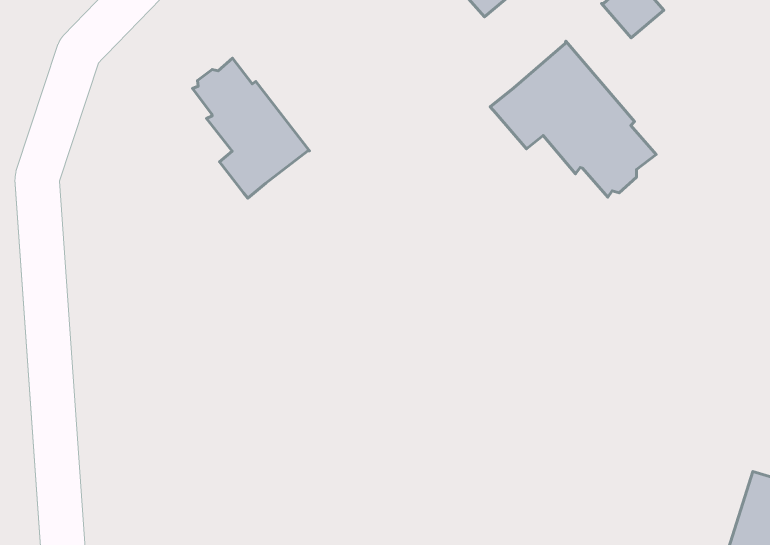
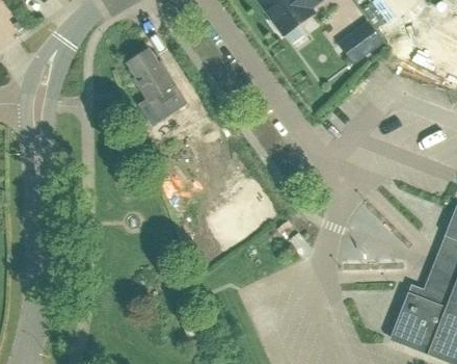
building: [490,41,656,197] -> none

